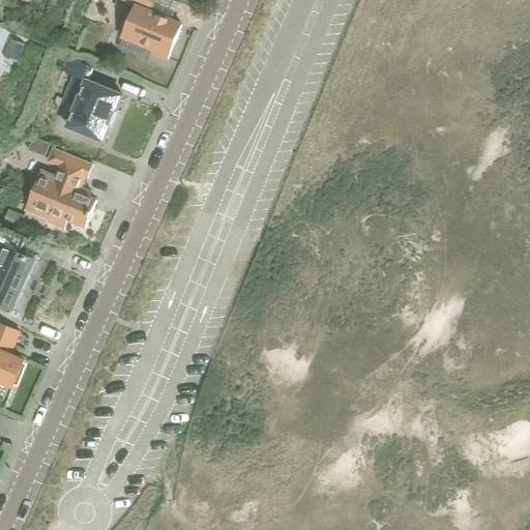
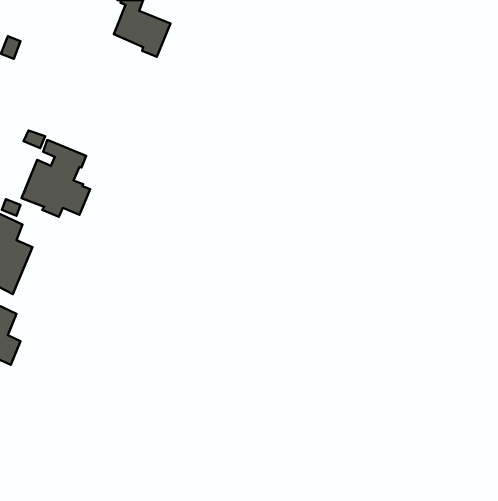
building: [60,57,121,142] -> none

